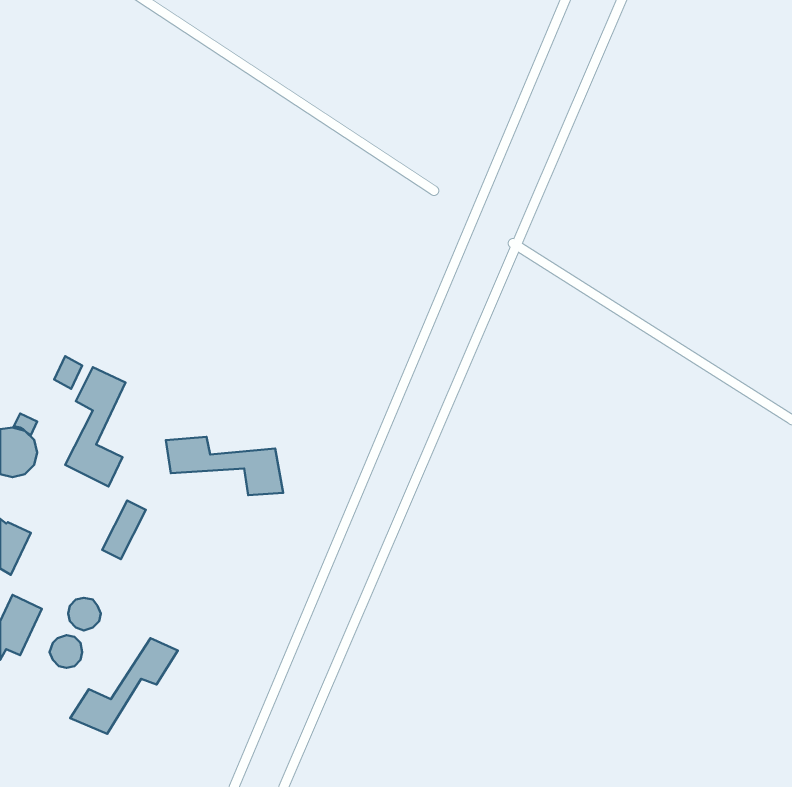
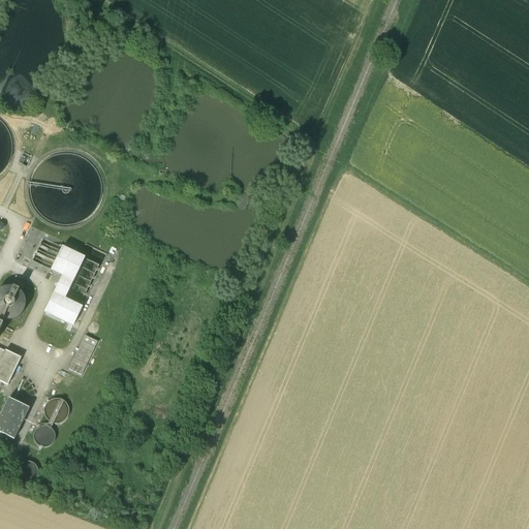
building: [166,437,283,495] -> none
building: [70,638,178,734] -> none

